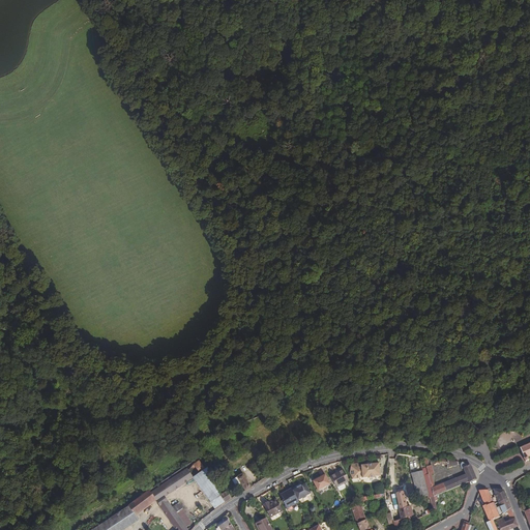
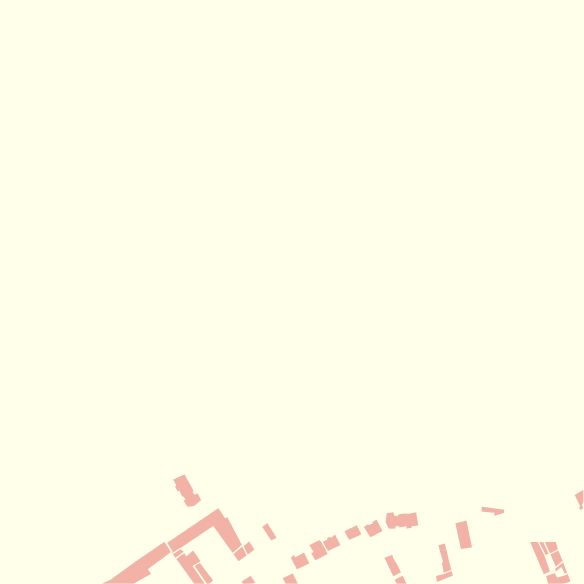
building: none -> [172,473,202,507]
building: [424,462,475,495] -> none

